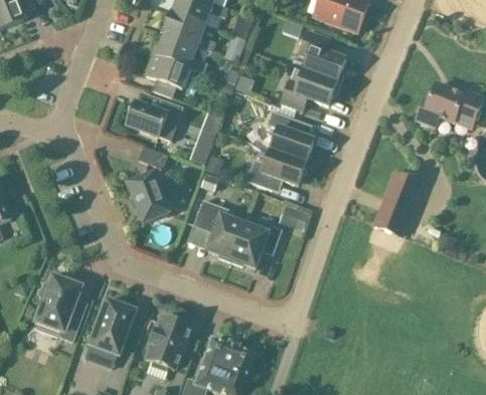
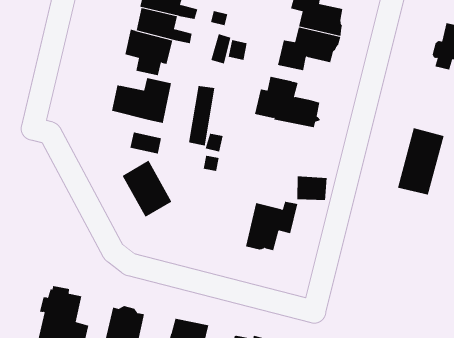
building: [247,150,307,190] -> none
building: [194,199,245,260] -> none

